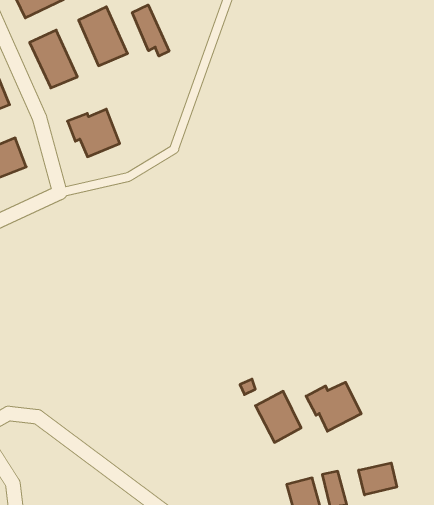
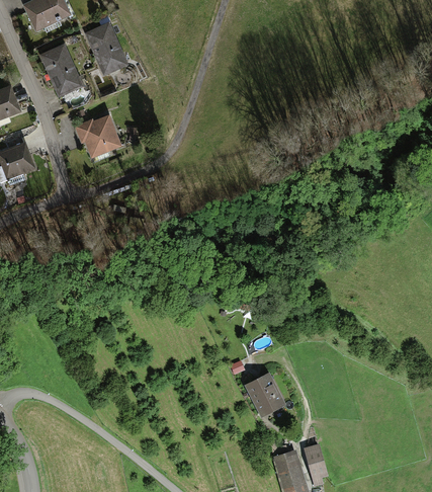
building: [132,5,169,56] -> none
building: [306,382,361,431] -> none
building: [359,463,397,495] -> none

